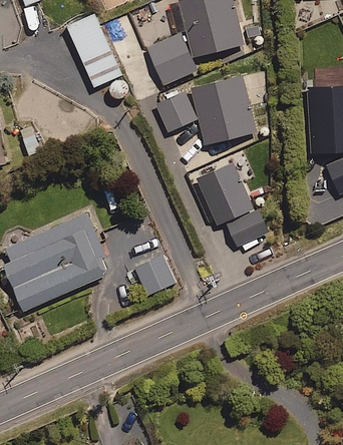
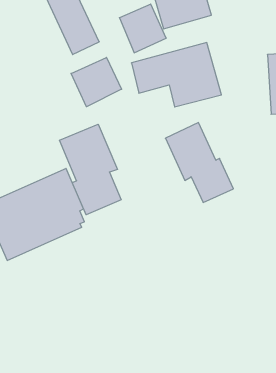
building: none -> [71,57,122,107]
building: none -> [59,124,121,215]
building: [132,256,174,296] -> none

